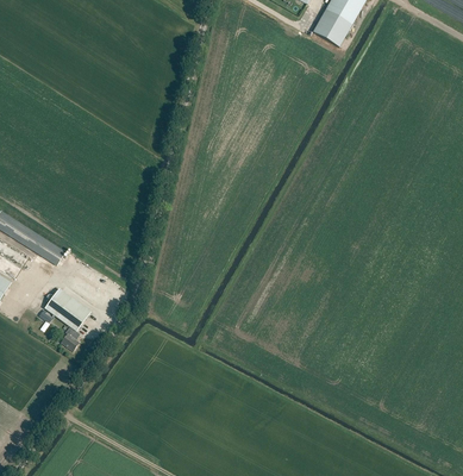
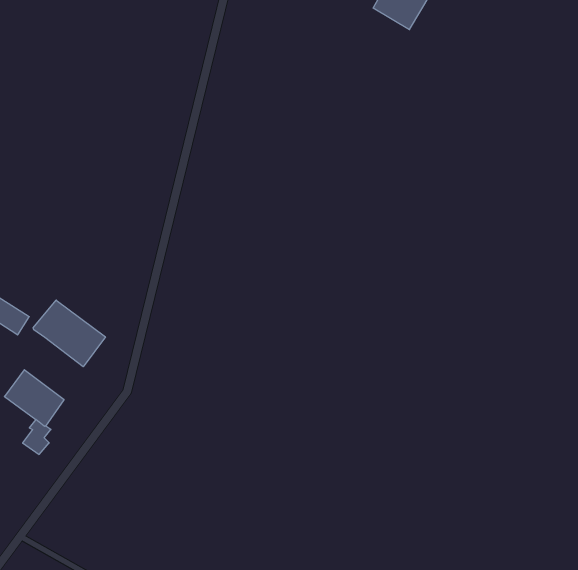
building: none -> [33,300,105,367]

